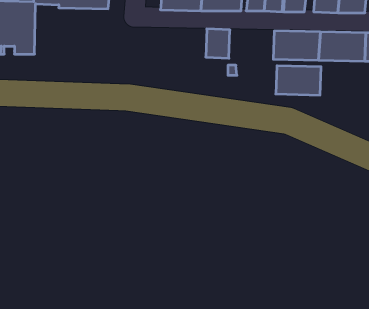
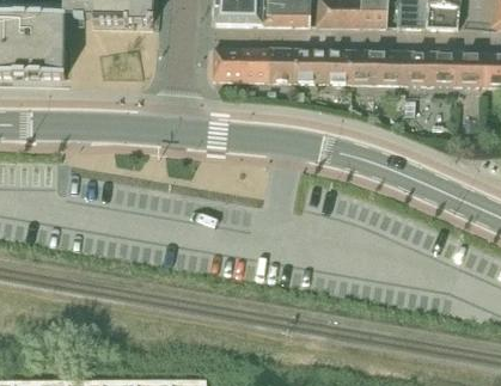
building: none -> [213,45,269,79]
building: [276,66,321,95] -> [295,47,349,81]

